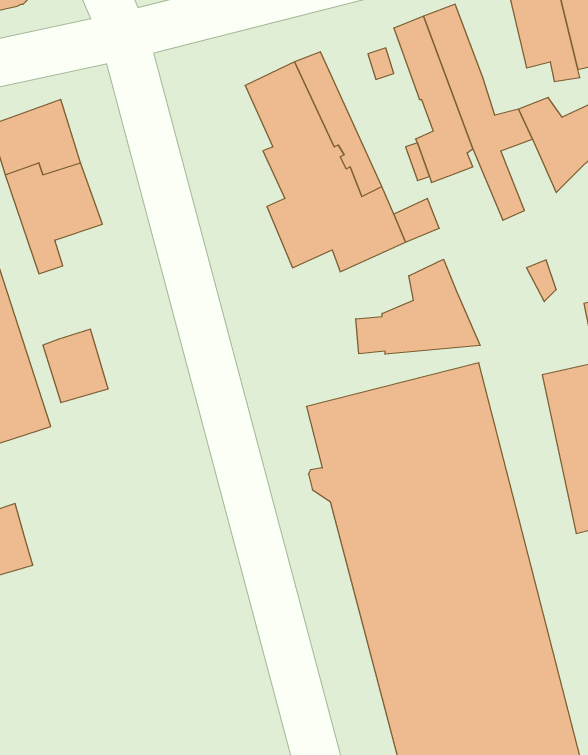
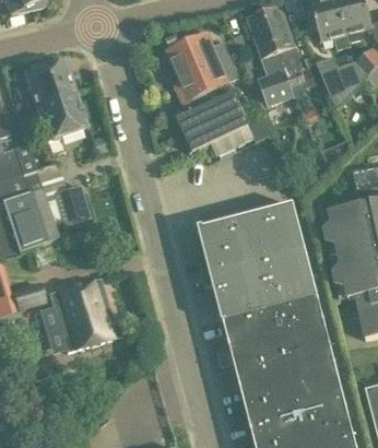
building: [356,259,480,354] -> none
building: none -> [48,276,121,351]

